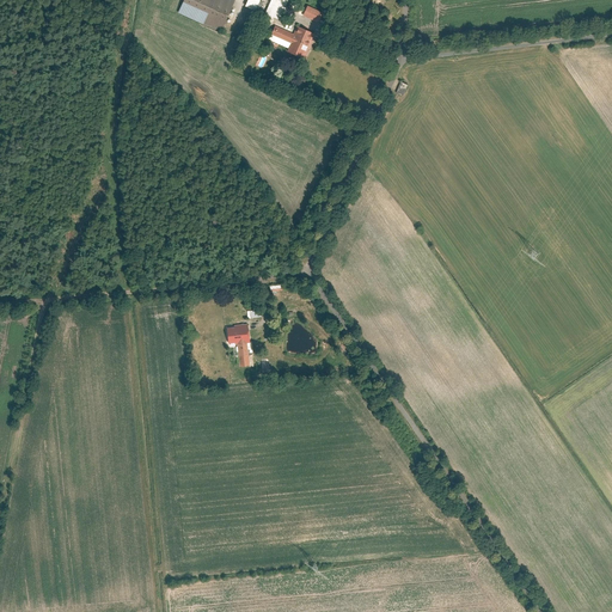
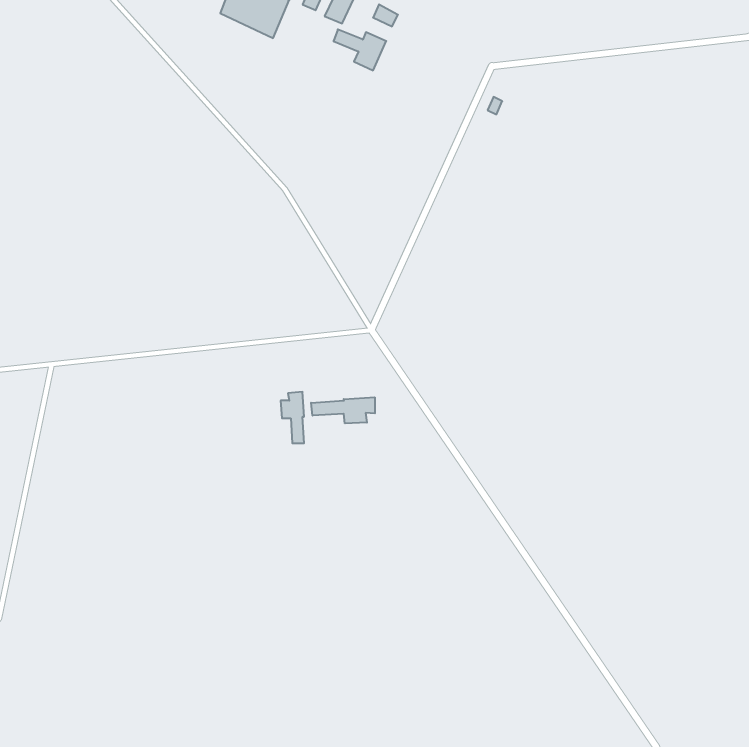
building: none -> [311,397,375,423]

